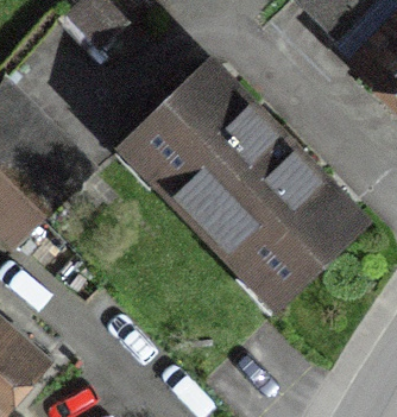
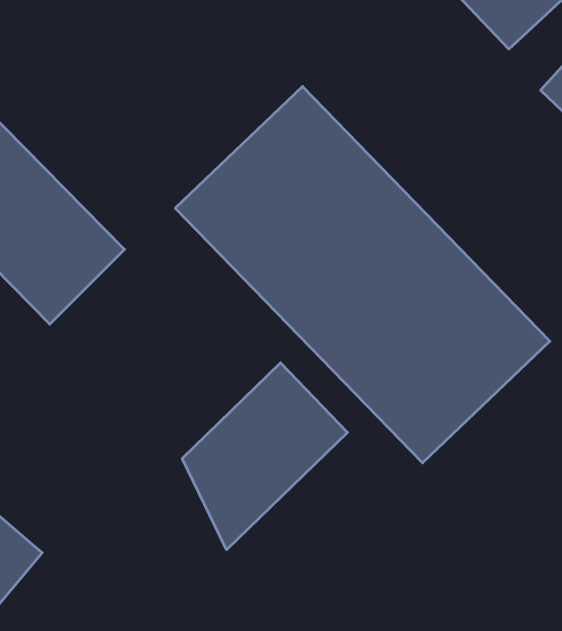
building: none -> [182,363,348,550]

